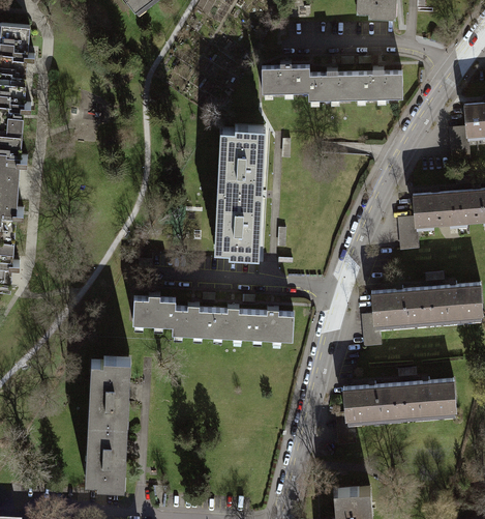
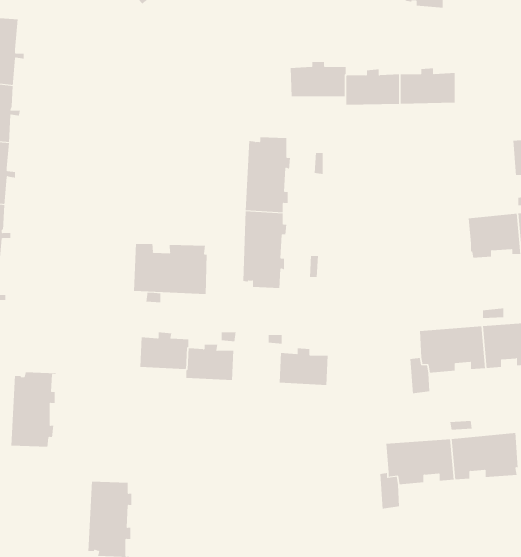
building: none -> [133,243,207,295]
building: [398,219,416,250] -> none
building: [211,306,251,338] -> none
building: [90,358,129,423] -> [11,372,57,447]

